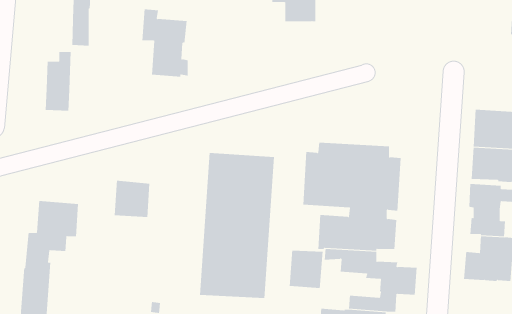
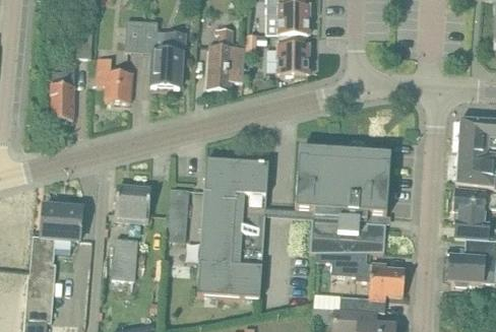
building: none -> [124,20,143,52]
building: none -> [206,26,244,88]
building: none -> [276,34,308,73]
building: none -> [97,57,132,102]
building: none -> [165,187,189,241]
building: none -> [112,238,136,279]
building: [289,250,323,289] -> none

